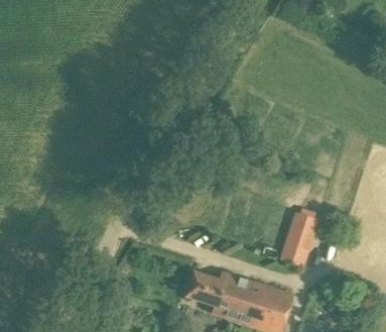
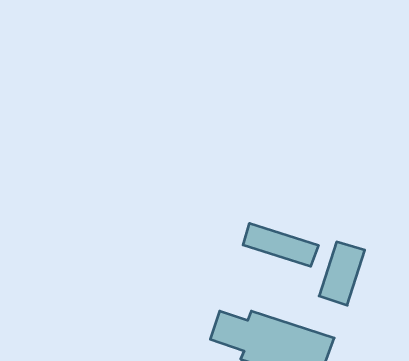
building: none -> [243,223,318,266]

